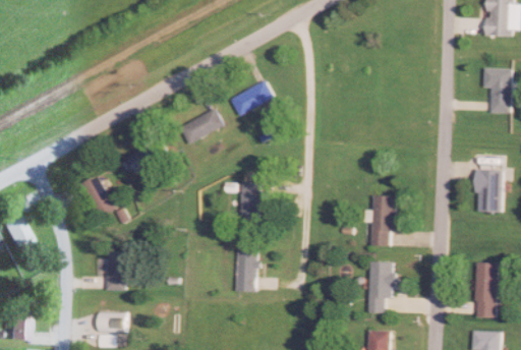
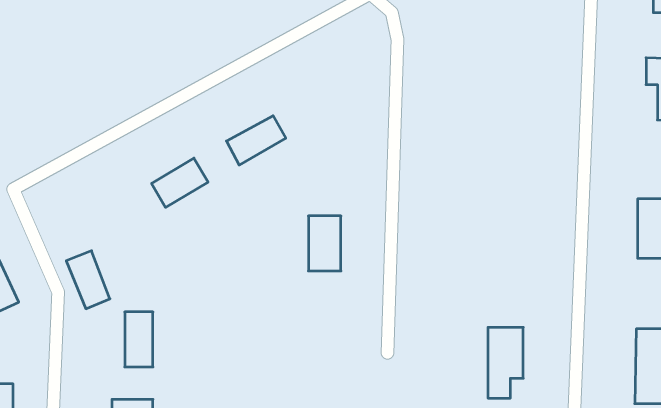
building: [230,80,273,115] -> none
building: [81,175,113,217] -> [66,251,110,309]
building: [370,194,394,246] -> none
building: [235,241,256,291] -> none

